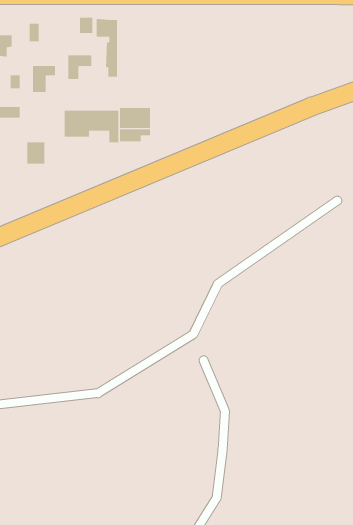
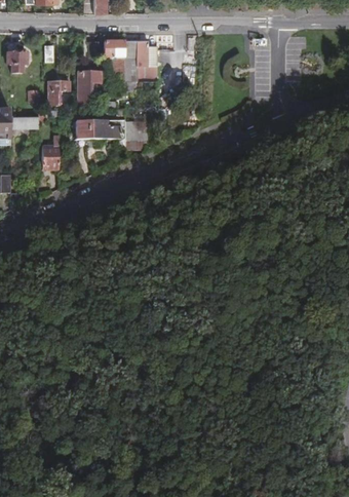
building: none -> [122,39,157,79]

